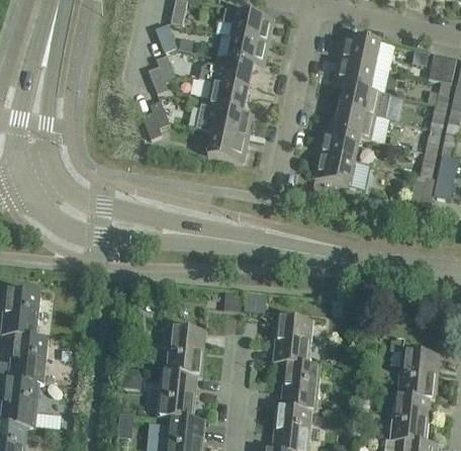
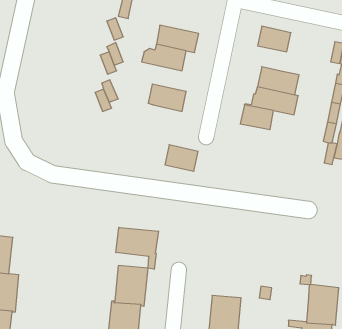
building: [216,8,274,42] -> none
building: [335,58,375,89] -> none
building: [195,77,248,111] -> none
building: [207,129,248,162] -> [165,145,198,171]
building: [313,153,355,184] -> none
building: none -> [116,227,158,269]
building: [272,314,313,364] -> none

